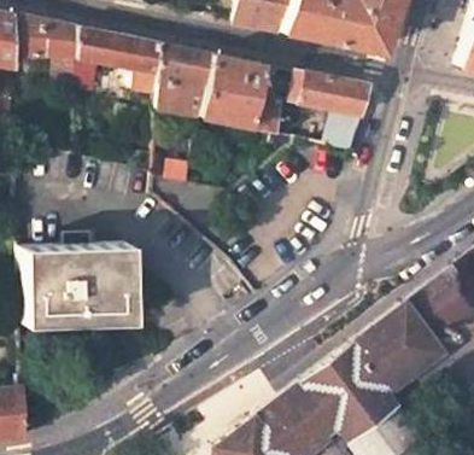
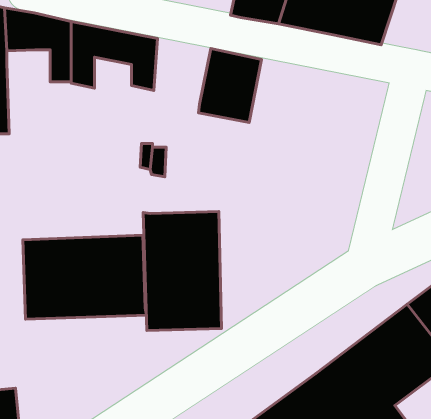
building: [157,45,212,117] -> none
building: [248,65,280,134] -> none
building: [288,71,370,152] -> none
building: none -> [143,211,221,331]

